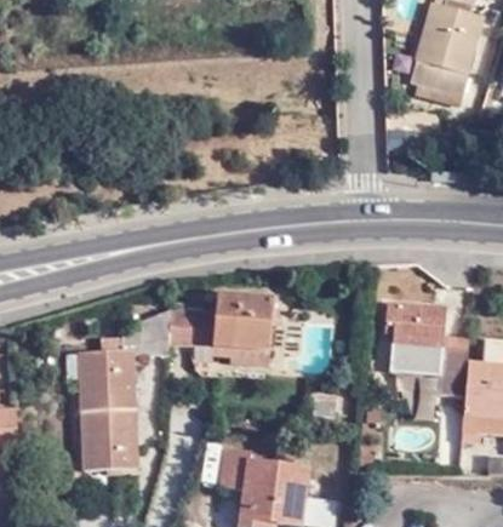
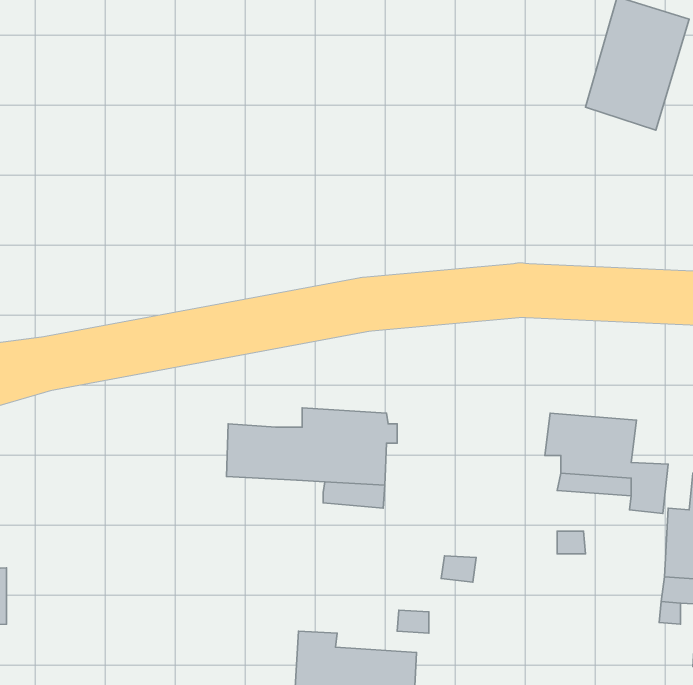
building: [78,308,168,468] -> none

